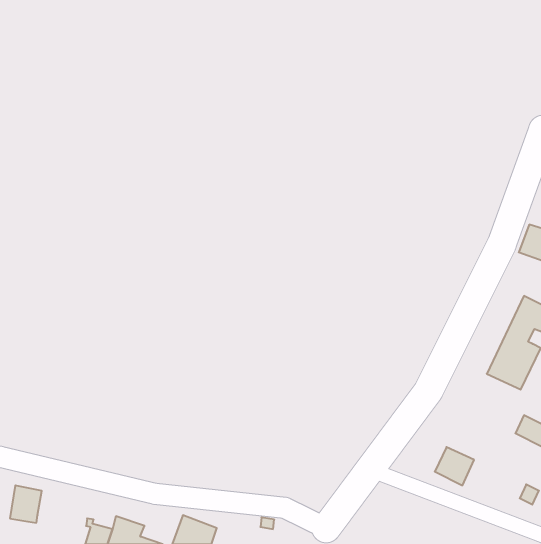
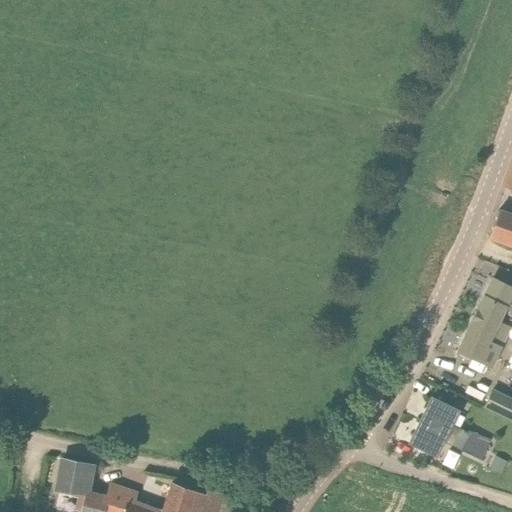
building: none -> [422,397,459,432]
building: none -> [453,429,491,459]
building: [10,485,42,523] -> [58,459,88,494]

